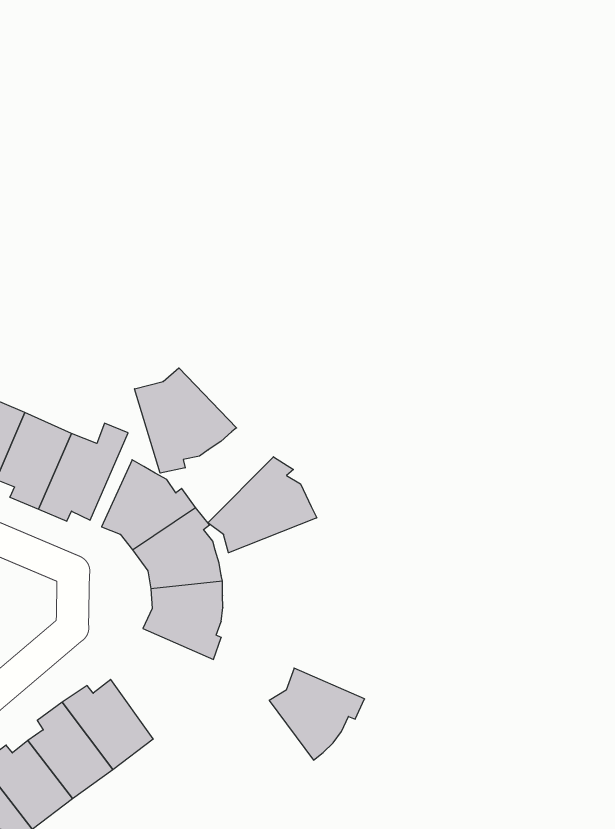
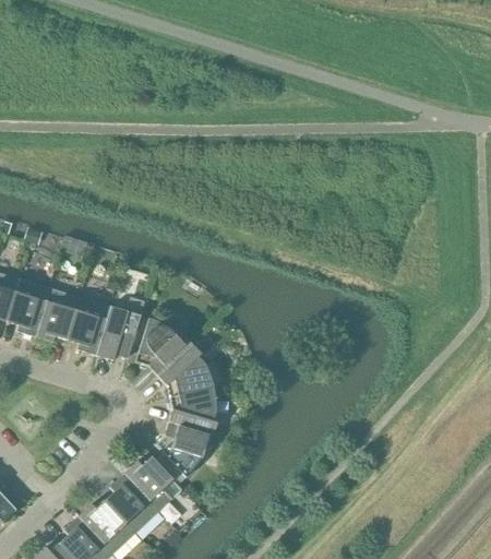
building: [135,368,237,473] -> none
building: [208,457,317,553] -> none
building: [269,668,365,760] -> [155,423,214,478]

